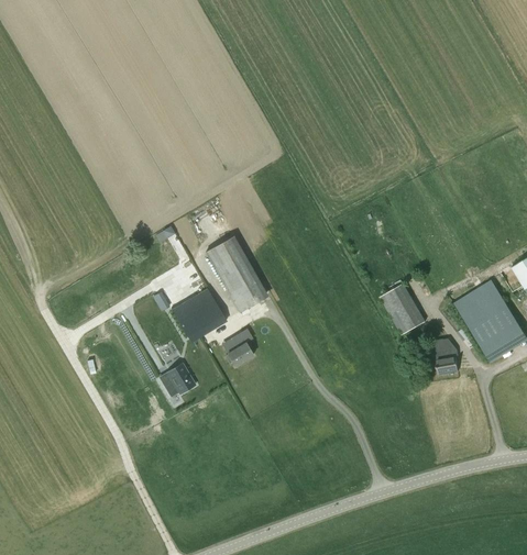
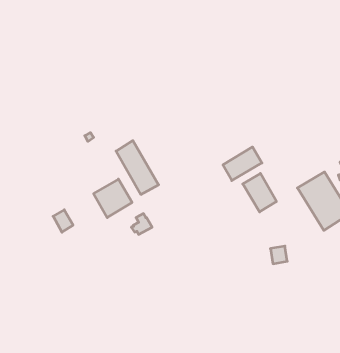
building: none -> [223,147,262,181]
building: [435,351,458,375] -> [270,246,287,264]
building: [167,363,195,393] -> [53,210,73,232]

